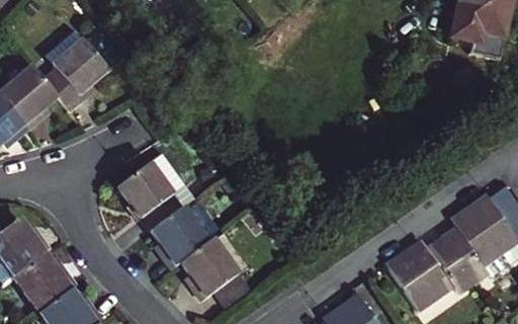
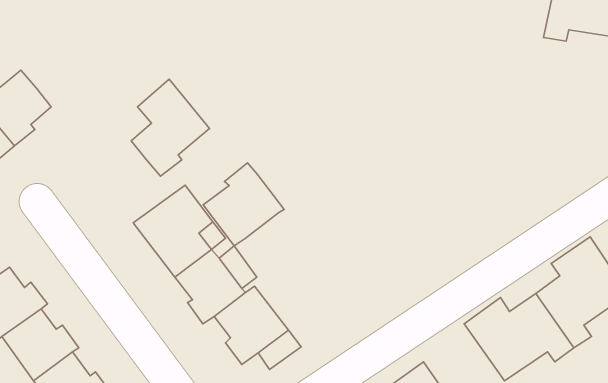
building: [42,28,105,106] -> [131,79,210,176]
building: none -> [203,163,284,246]

